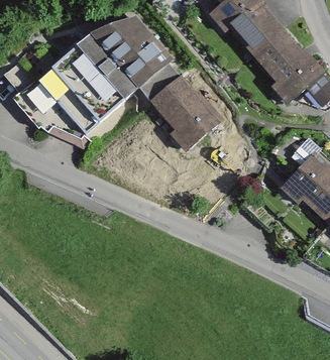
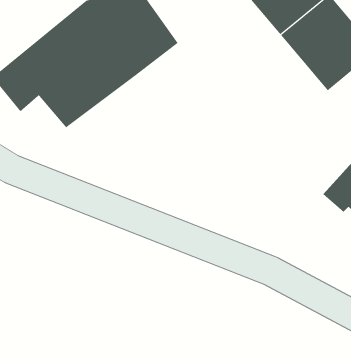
building: [130,65,222,161] -> none

